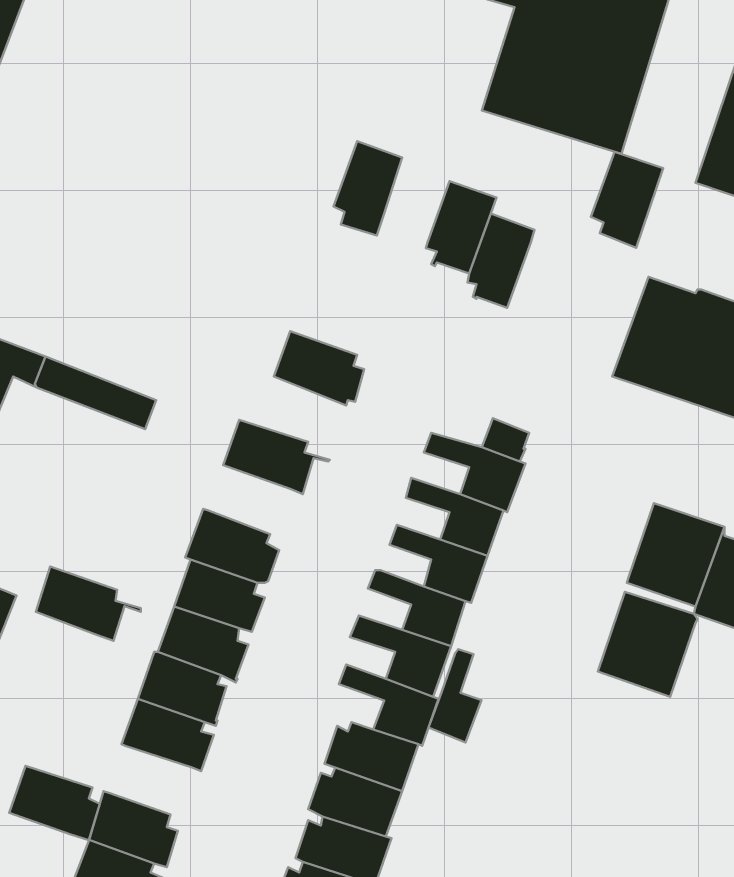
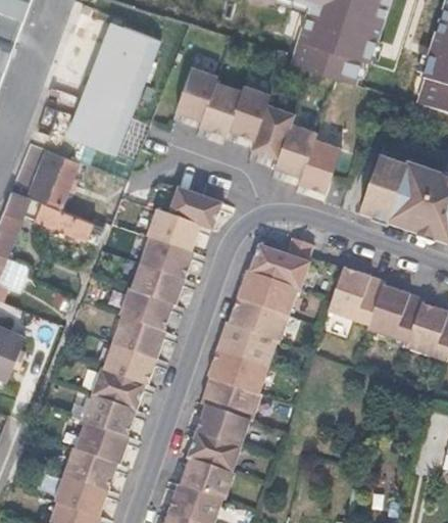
building: none -> [66,20,160,152]
building: none -> [178,65,217,120]
building: none -> [231,84,270,138]
building: [591,152,663,248] -> [300,138,341,192]
building: none -> [22,145,78,203]
building: none -> [147,209,202,254]
building: [36,566,141,641] -> [132,264,191,305]
building: [598,592,697,697] -> [328,268,384,327]
building: [428,649,482,742] -> none
building: [9,766,100,840] -> [76,422,127,464]

